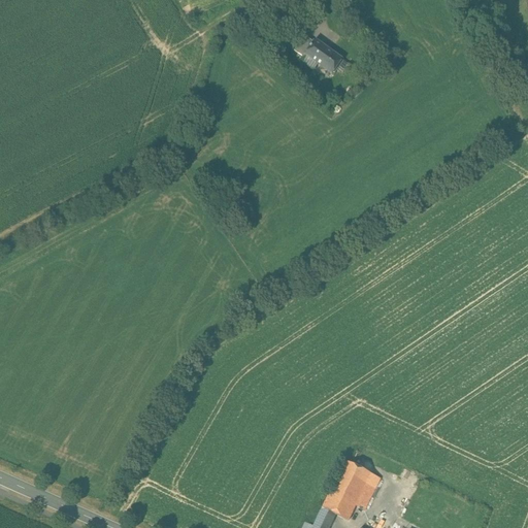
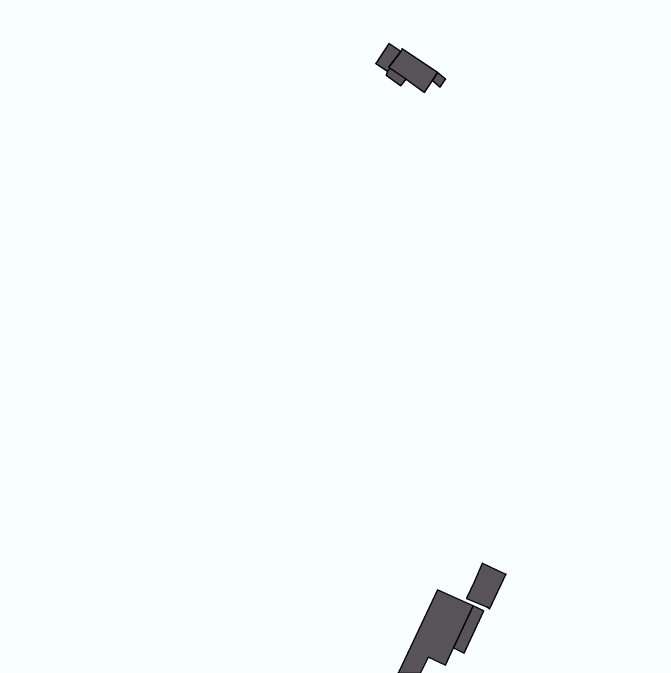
building: none -> [467,563,506,609]

